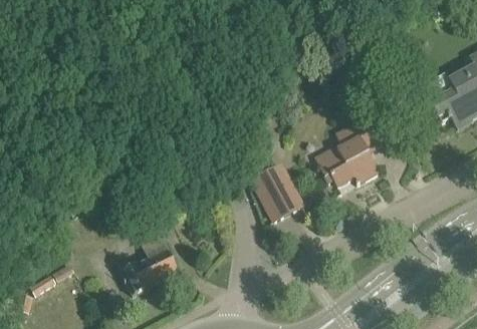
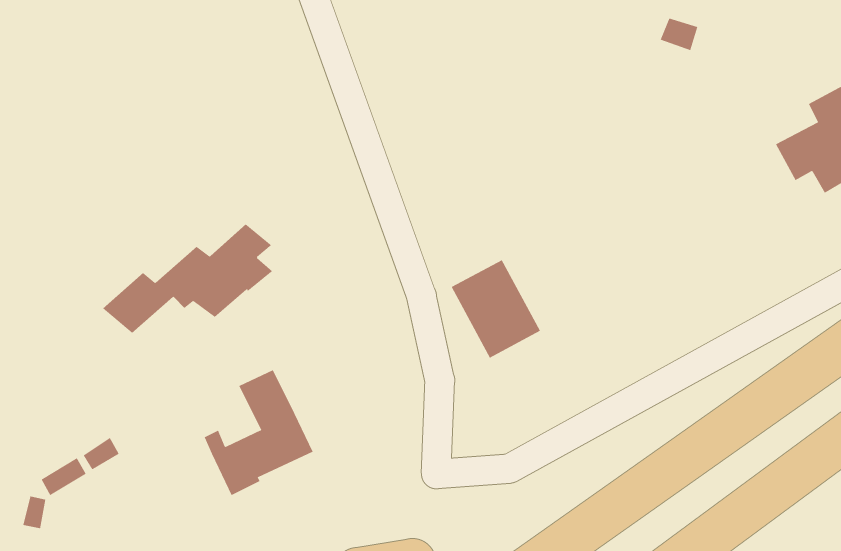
building: [317,115,384,186] -> none
building: none -> [102,223,273,334]

